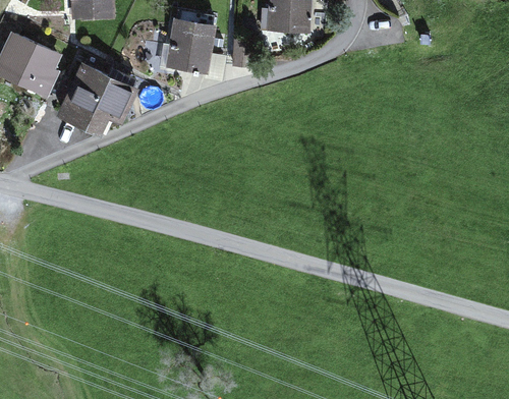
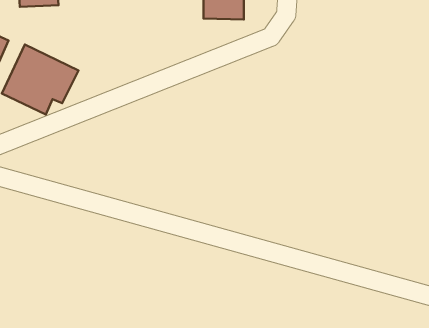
building: [166,17,215,72] -> none

